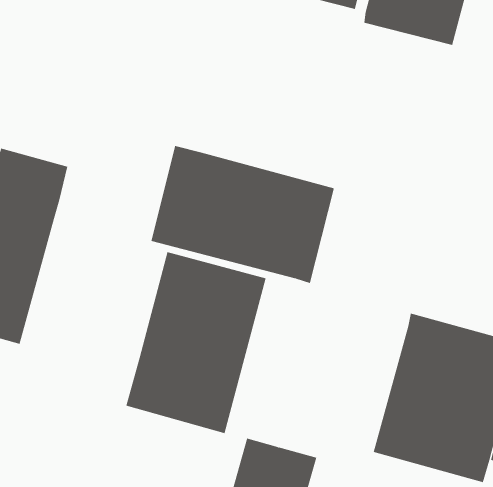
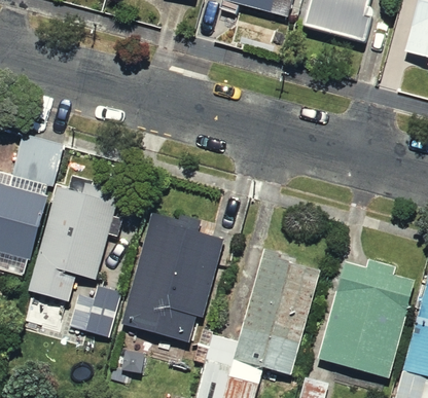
building: [151,145,335,284] -> none
building: none -> [31,181,126,336]
building: none -> [234,245,333,376]

